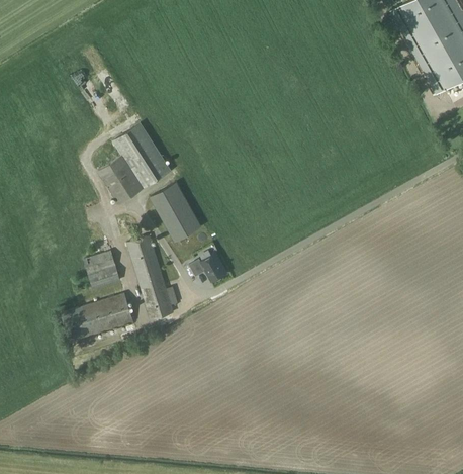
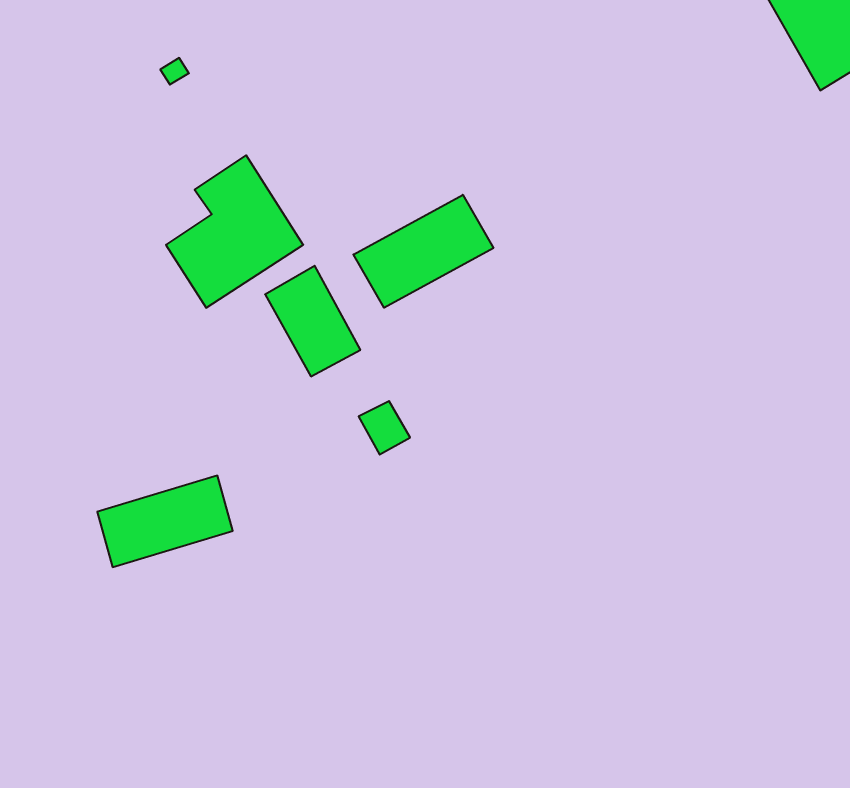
building: none -> [353,195,493,308]
building: [126,234,175,320] -> none
building: [85,250,121,289] -> none

